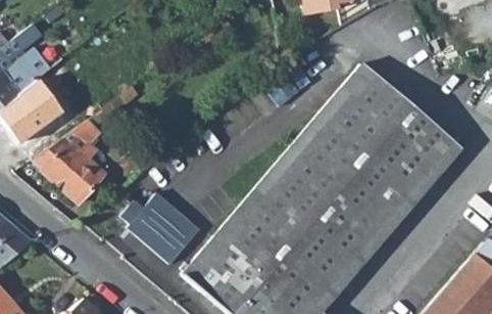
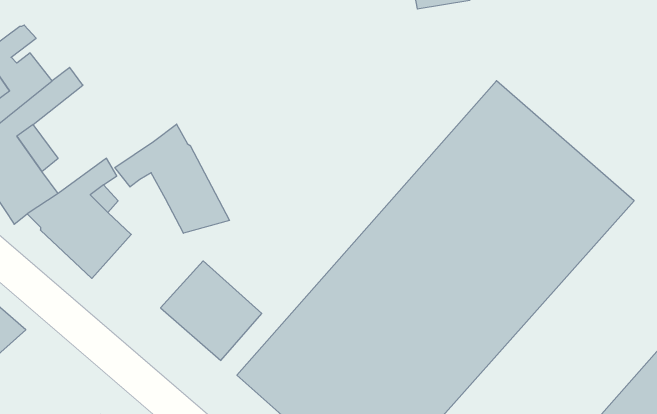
building: none -> [115,124,229,233]

